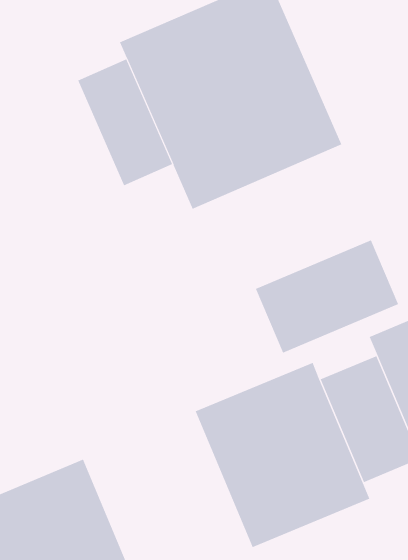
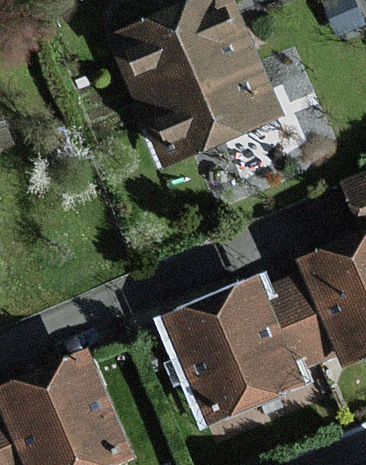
building: [78,59,173,186] -> none
building: [255,240,399,354] -> none

